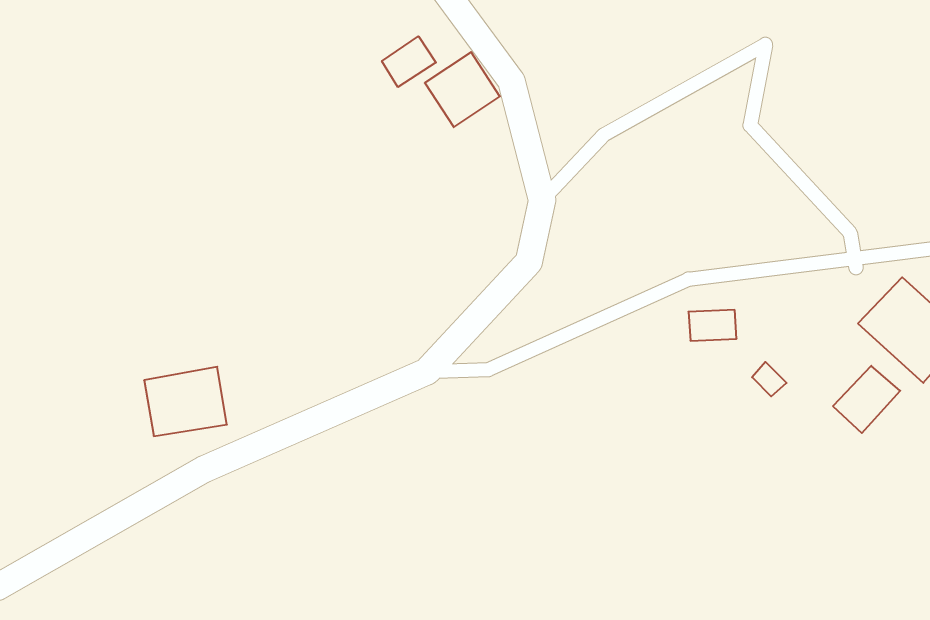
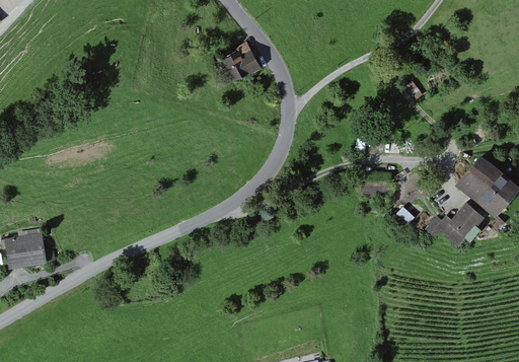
building: [382,36,436,87] -> none
building: [144,367,227,436] -> [5,233,49,270]

